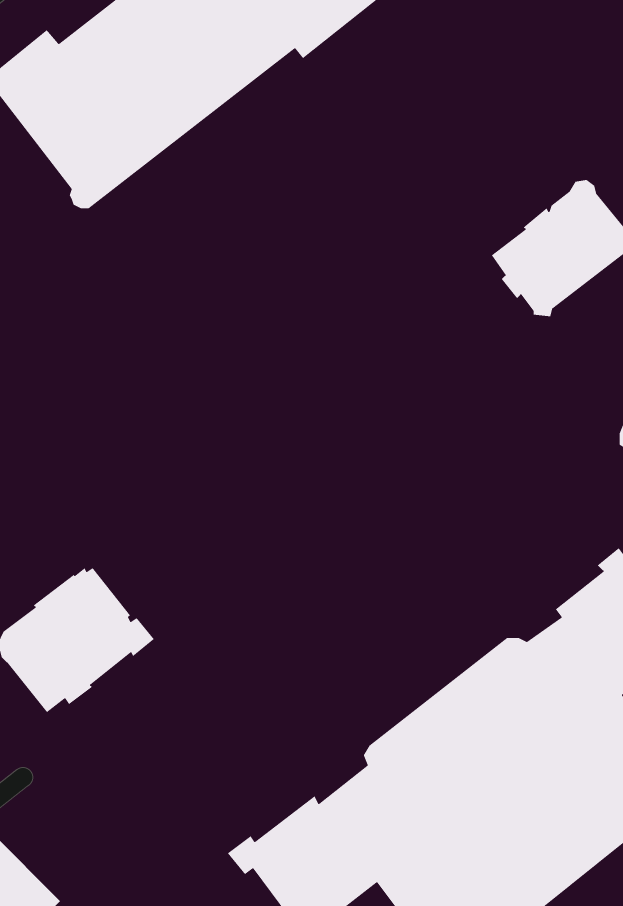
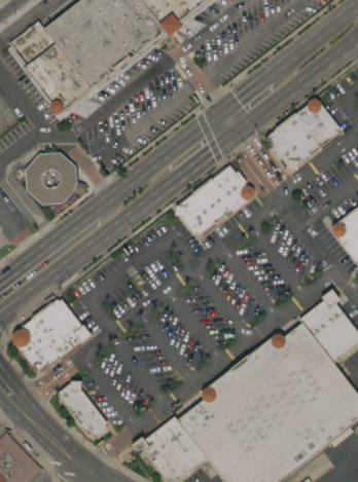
building: none -> [25,152,77,206]
building: none -> [173,164,254,234]
building: none -> [58,380,108,438]

